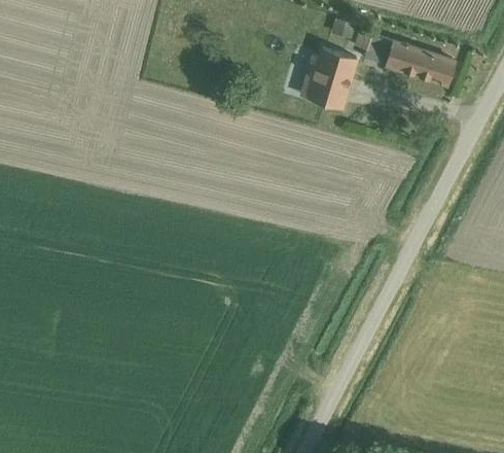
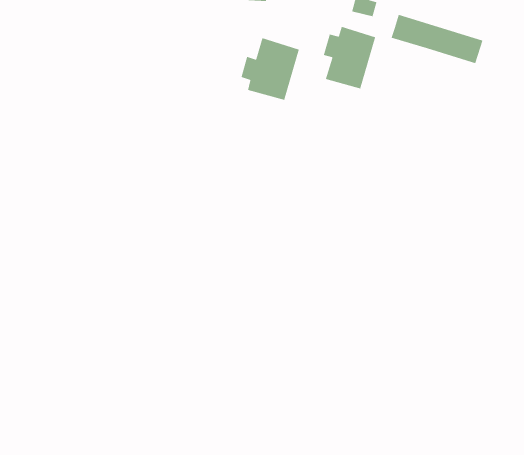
building: none -> [240,37,300,101]

